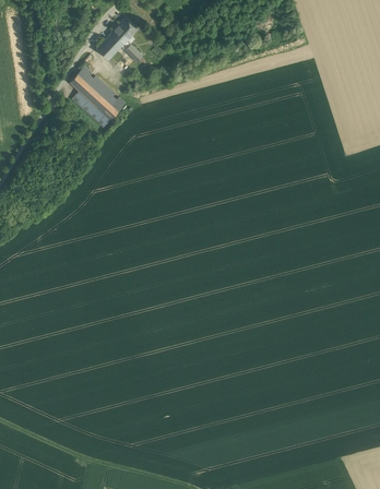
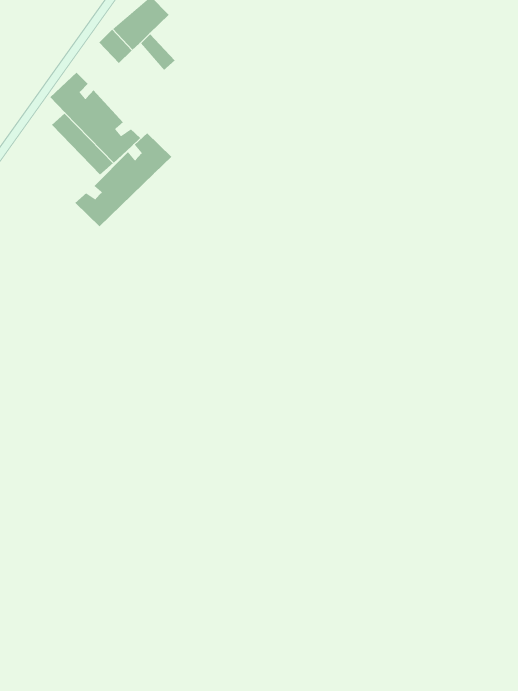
building: none -> [75,132,172,227]

